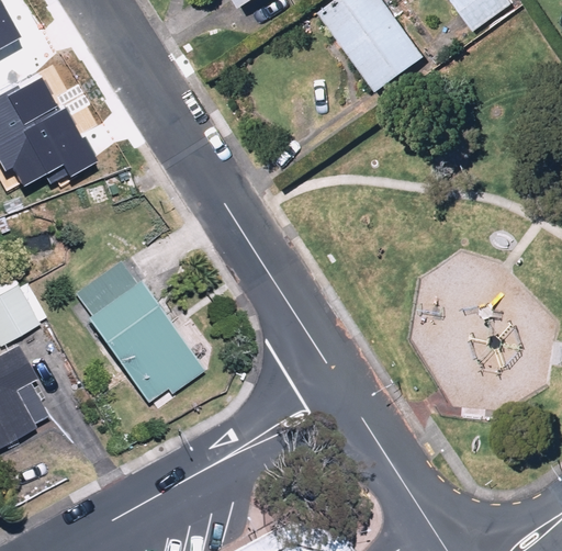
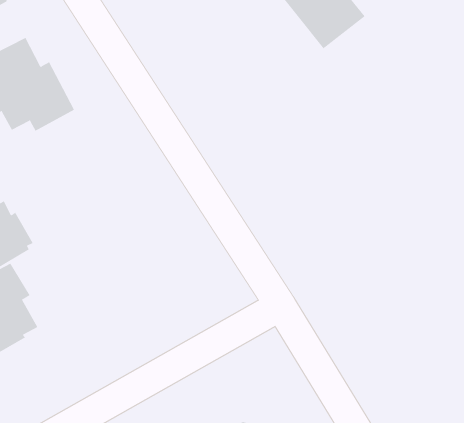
building: [70,260,206,402] -> none

